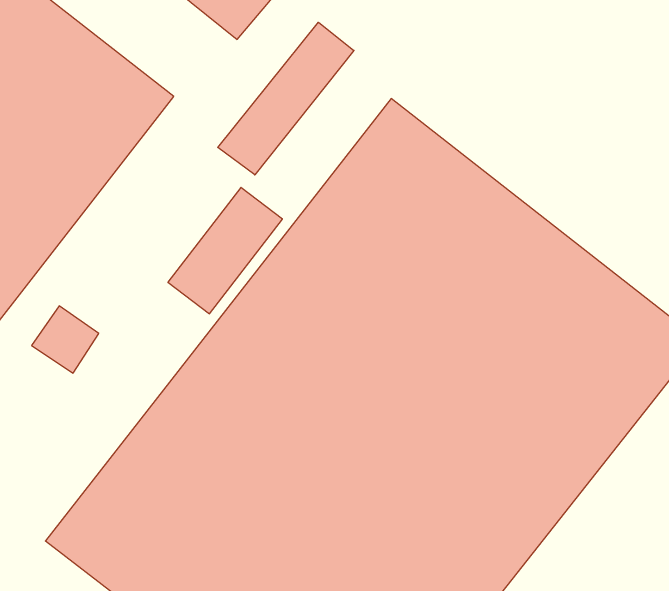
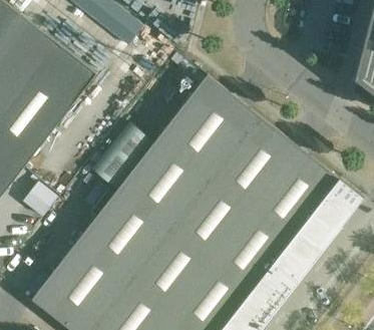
building: [218,22,354,175] -> none

